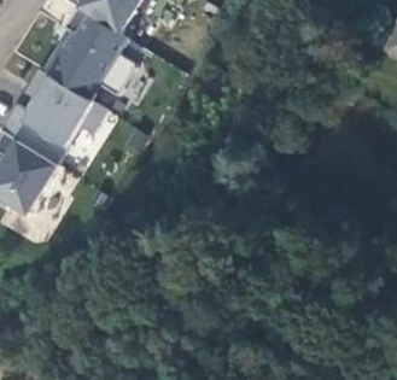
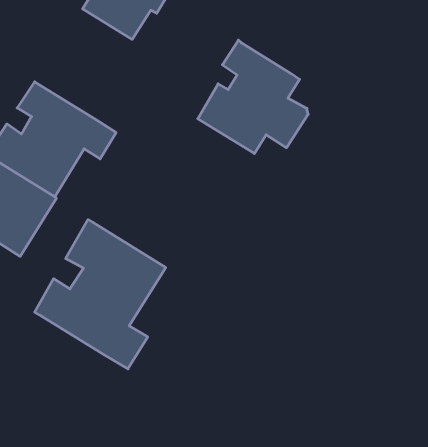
building: [42,6,134,100] -> [198,40,308,154]
building: none -> [35,220,166,369]

